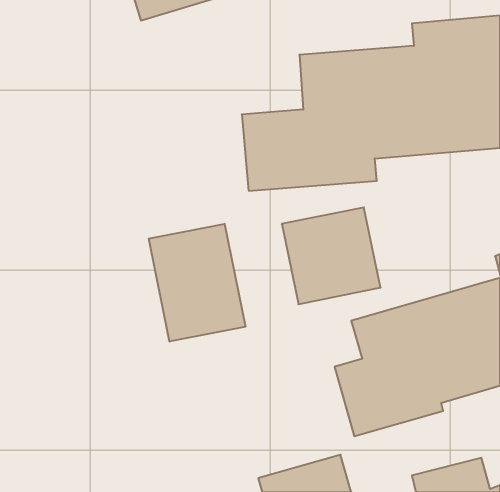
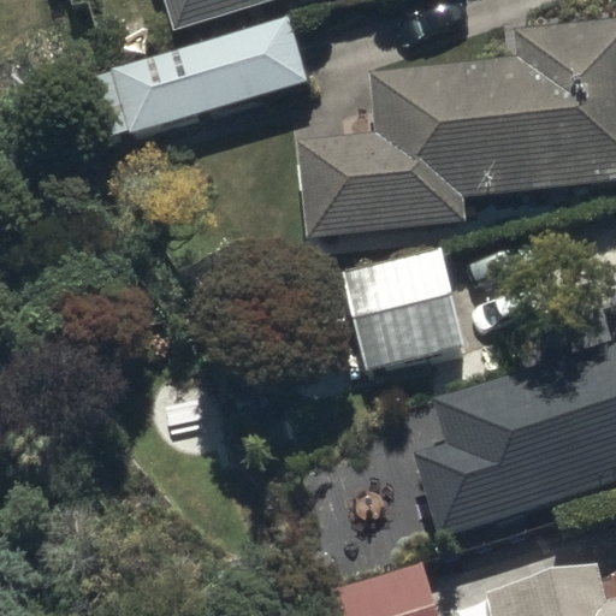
building: none -> [70,17,314,148]
building: [149,224,245,342] -> none

